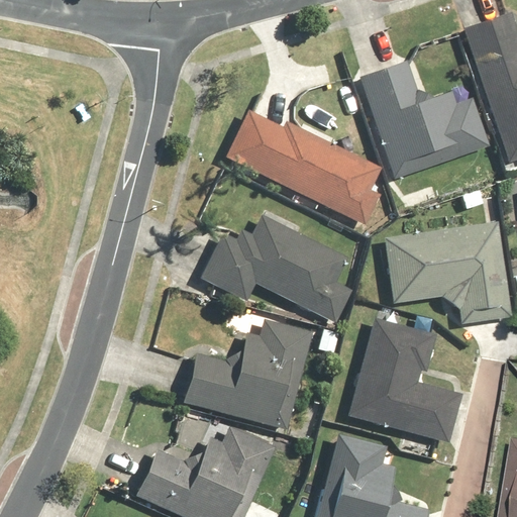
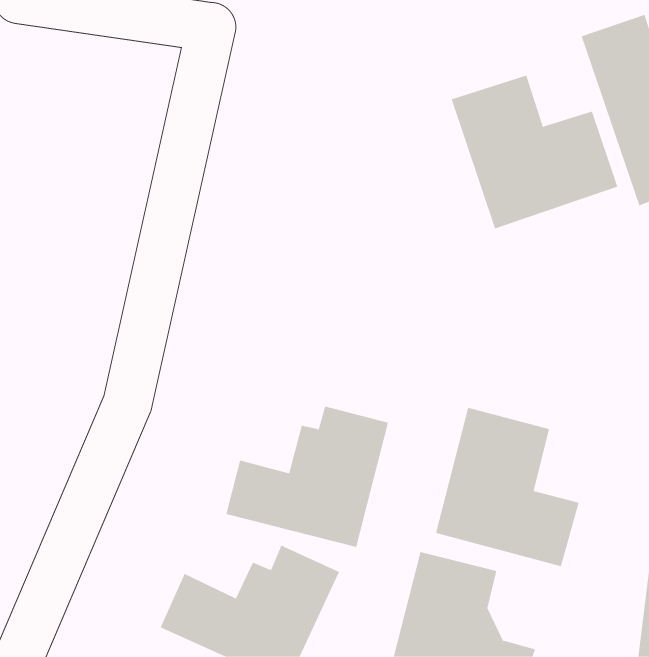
building: [224,109,384,225] -> none
building: [202,215,355,323] -> none
building: [385,221,511,322] -> none

